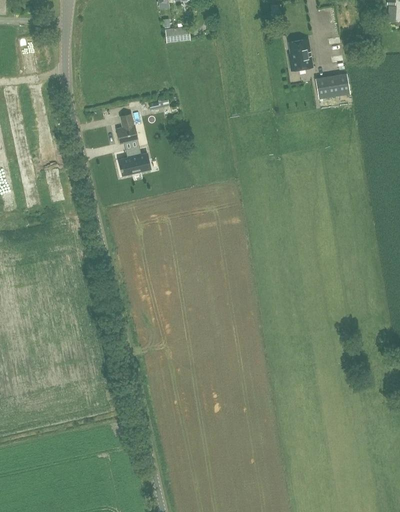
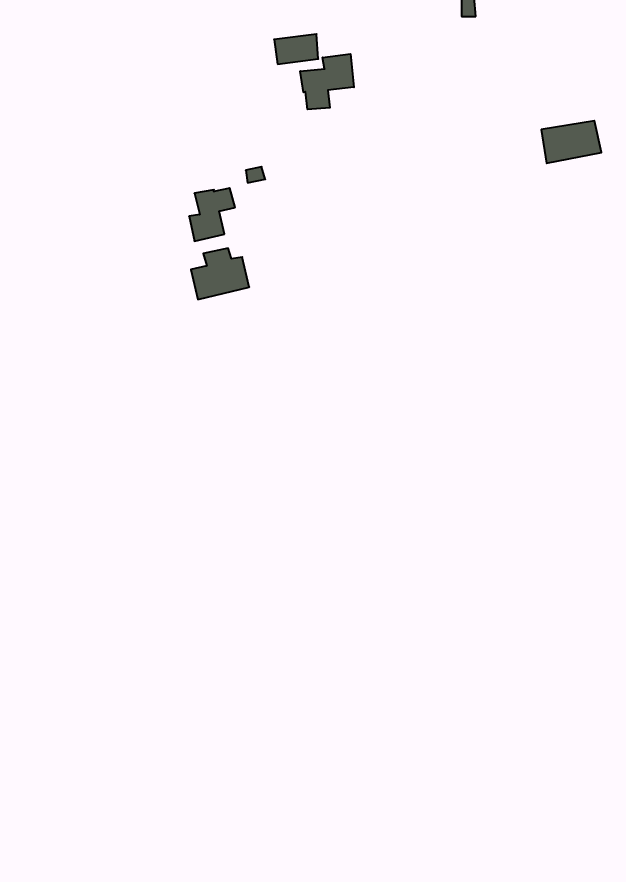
building: none -> [300,54,354,109]
building: [288,38,311,69] -> none

